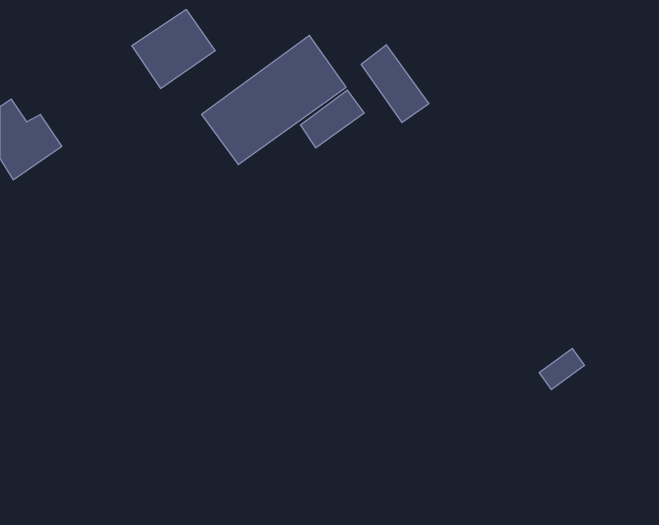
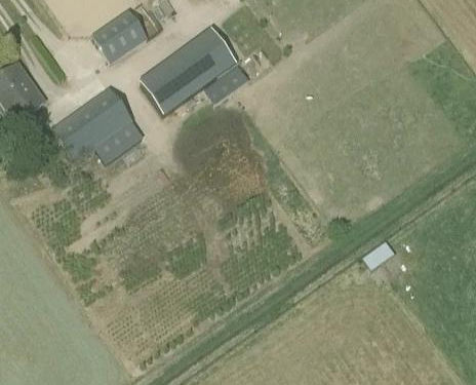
building: [361,45,429,123] -> none
building: none -> [52,88,144,162]

